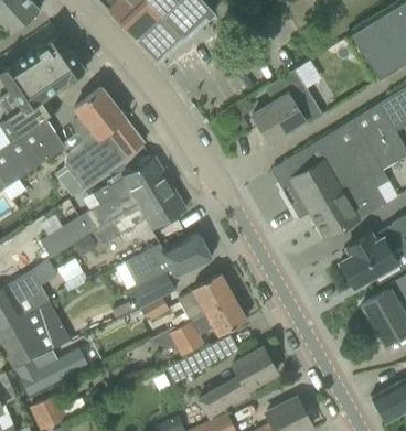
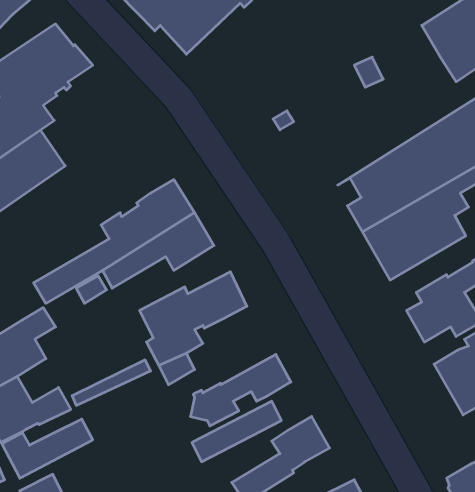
building: [253,71,323,143] -> none
building: [65,87,142,190] -> none
building: [178,273,234,322] -> none

